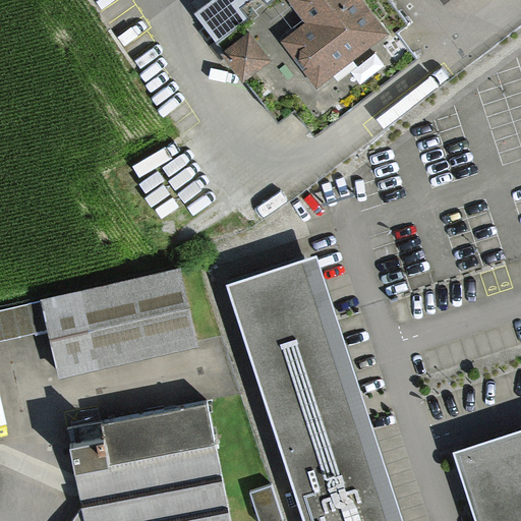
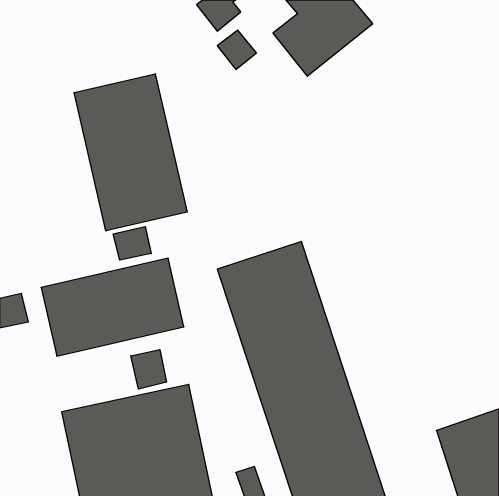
building: none -> [74,74,187,231]
building: none -> [113,227,151,260]
building: none -> [131,350,167,389]

